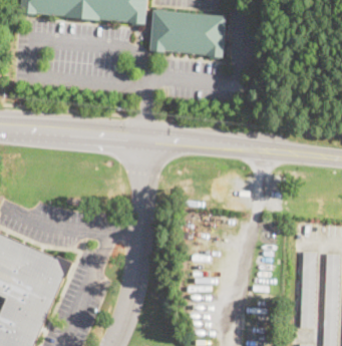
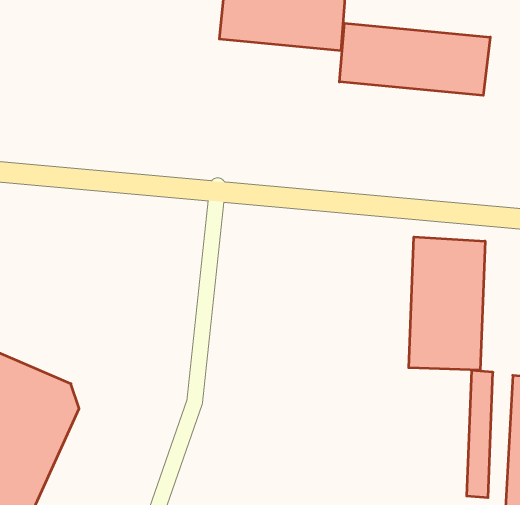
building: none -> [339,23,490,95]
building: none -> [409,237,485,370]

